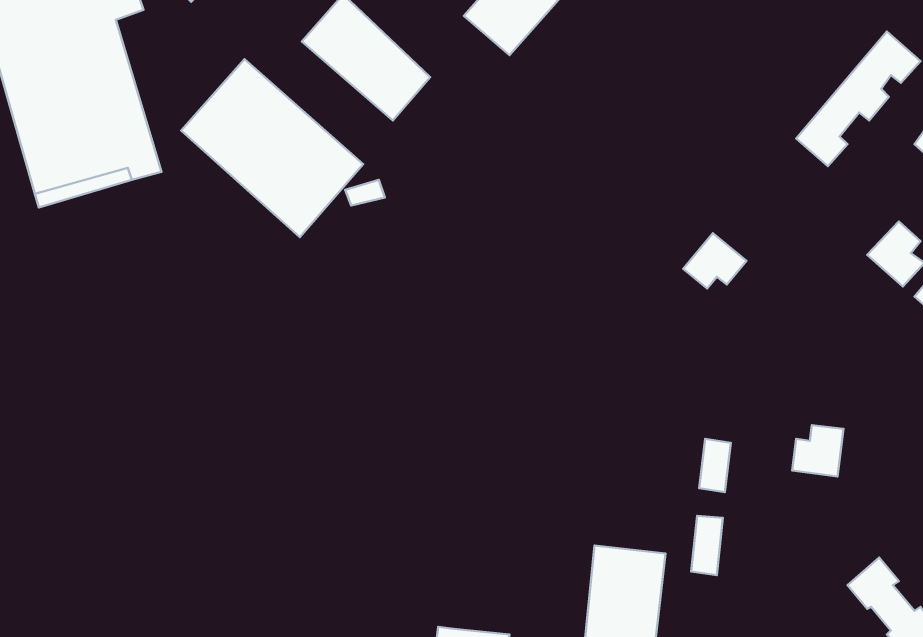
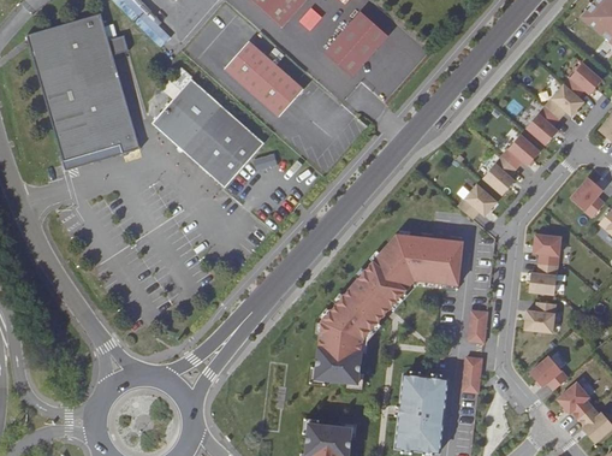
building: none -> [482,134,540,194]
building: none -> [314,233,463,383]
building: none -> [529,233,560,294]
building: none -> [530,355,568,390]

